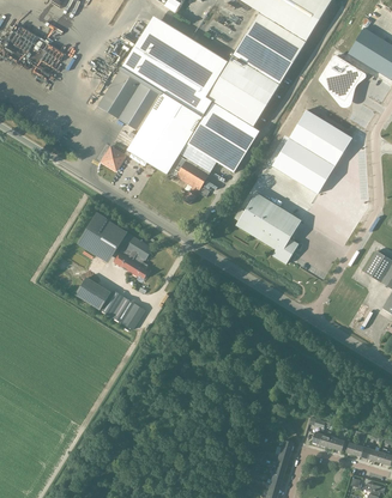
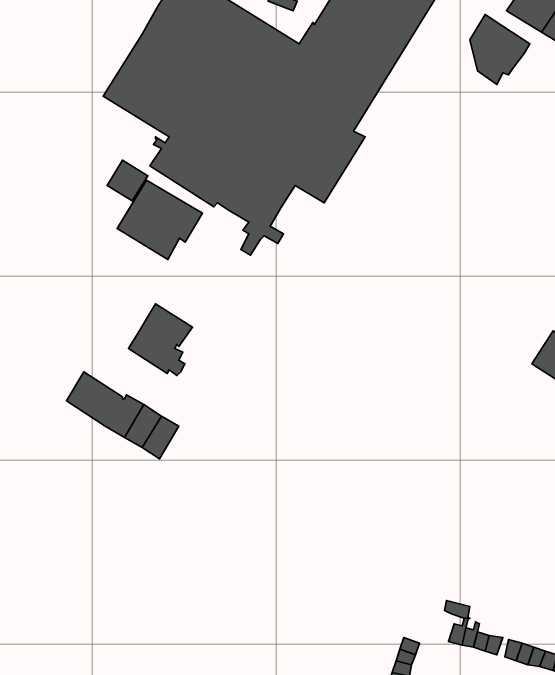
building: [272,109,352,193] -> none
building: [235,192,301,263] -> none
building: [78,213,131,262] -> [117,180,203,260]

